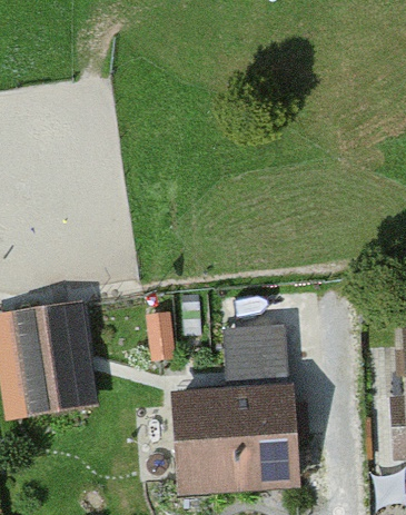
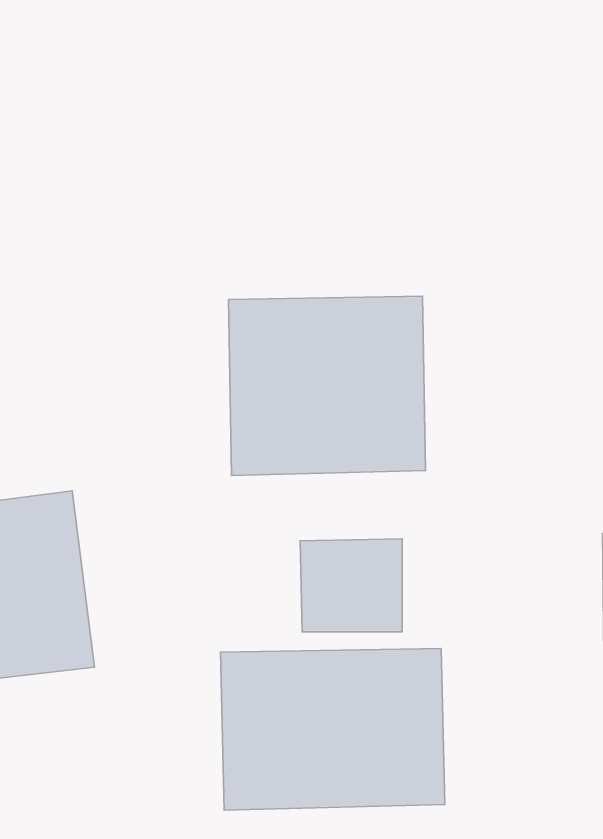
building: none -> [228,296,426,476]

